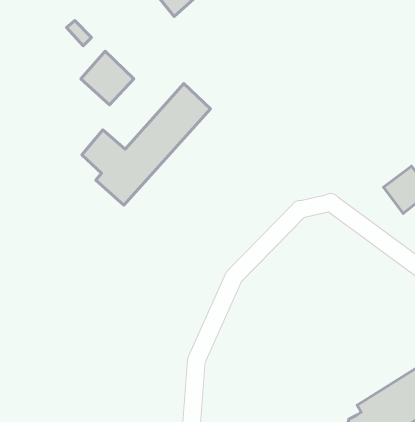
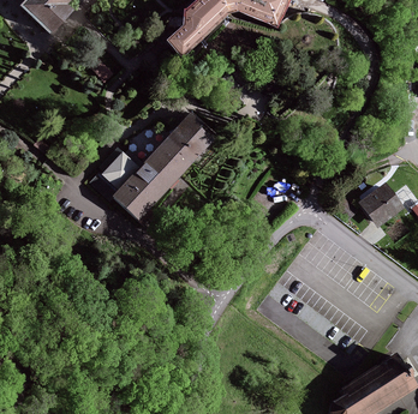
building: [81,51,134,105] -> none

